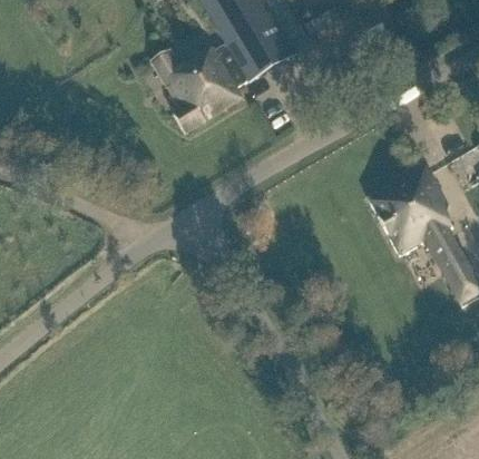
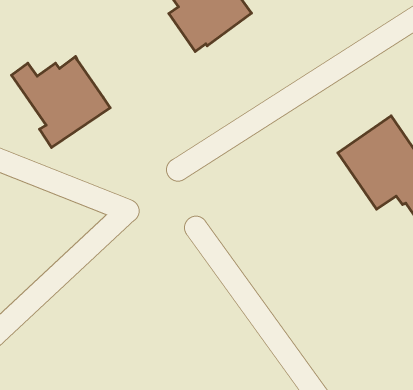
building: [151,42,244,128] -> [12,57,110,148]

